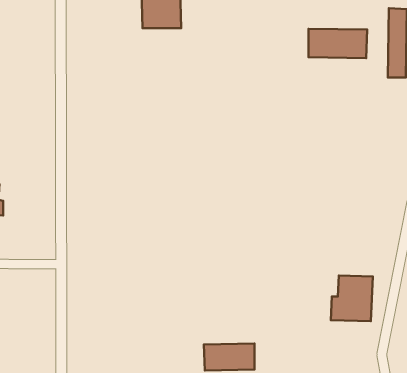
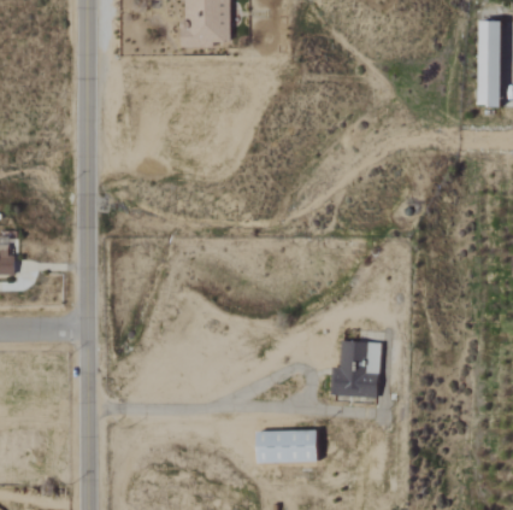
building: [308,29,367,58] -> none
building: [331,276,373,321] -> [330,341,381,397]

